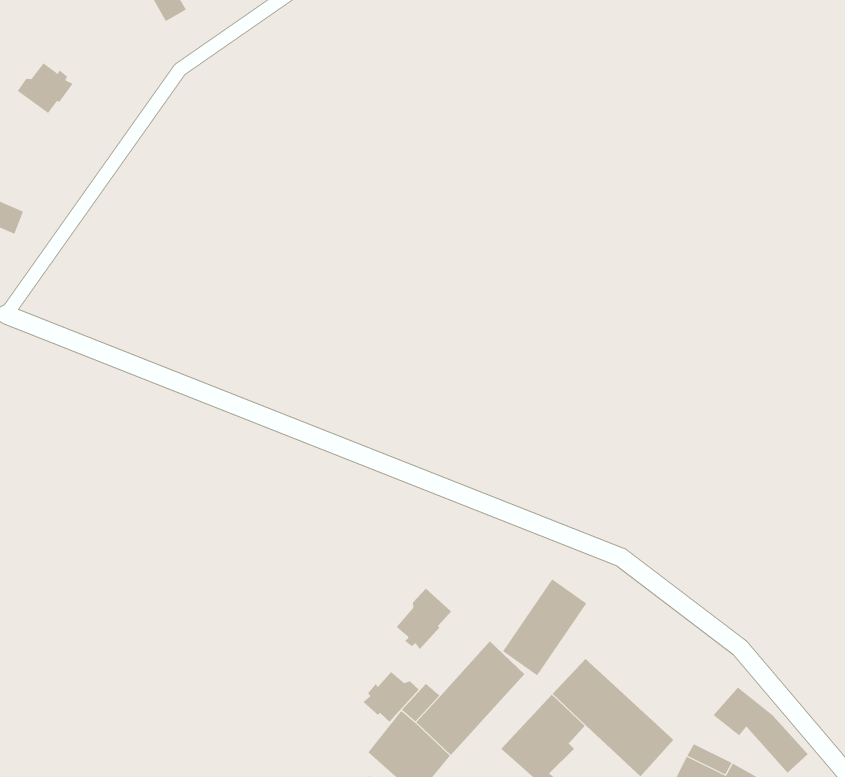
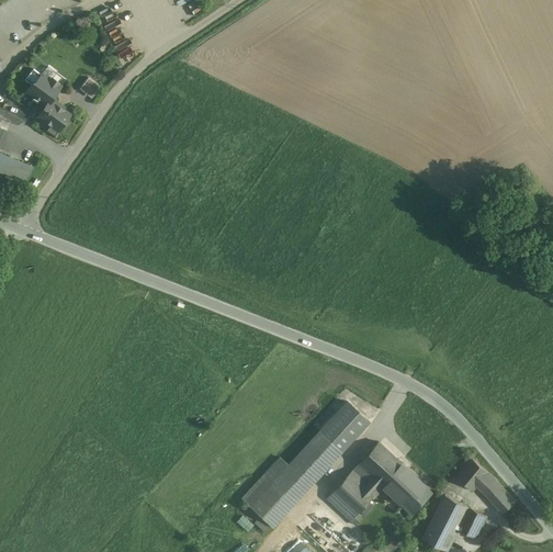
building: none -> [37,99,69,137]
building: [396,588,452,650] -> none
building: [363,671,420,723] -> none

